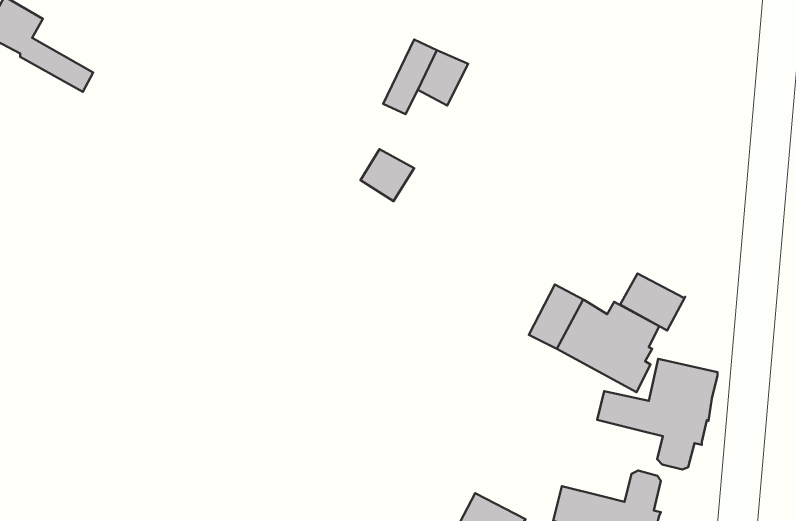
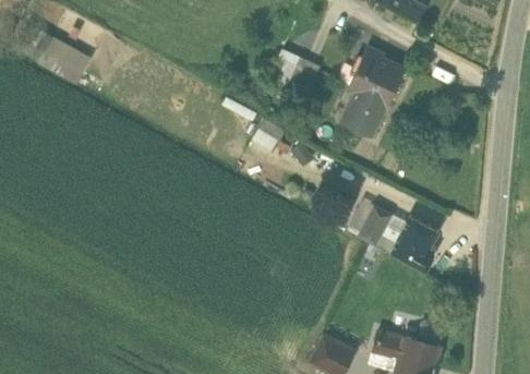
building: none -> [344,47,405,133]
building: [620,273,685,331] -> none
building: [597,359,717,469] -> none

